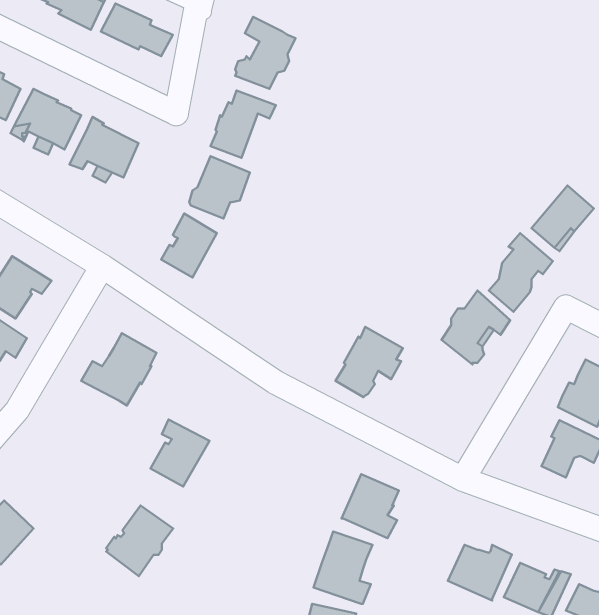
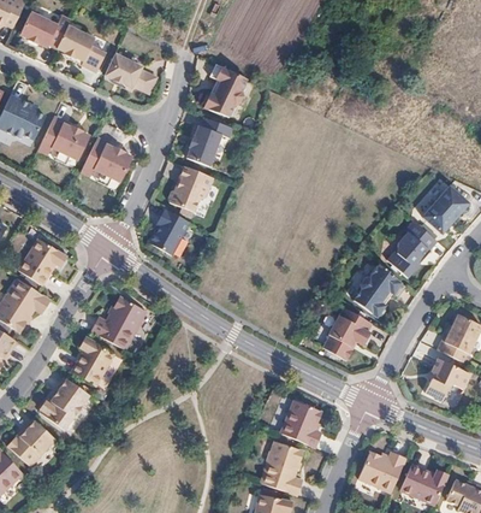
building: [336,327,403,397] -> [321,307,370,359]
building: [151,419,209,487] -> [72,336,115,385]
building: [106,506,173,576] -> [40,377,89,429]

